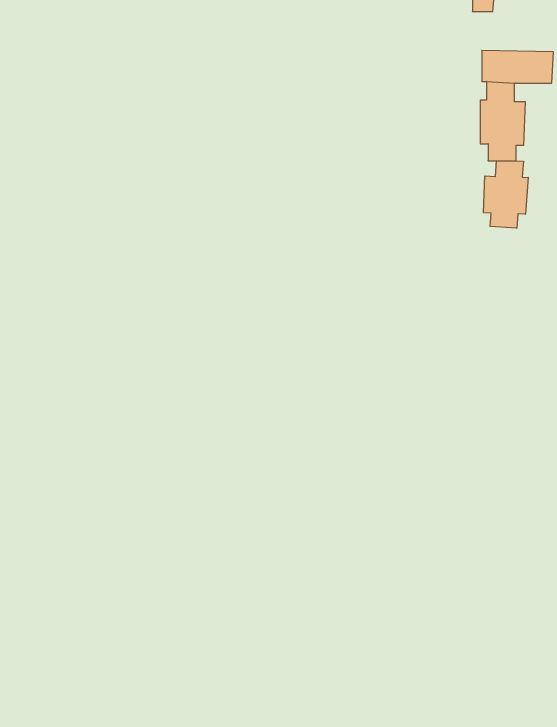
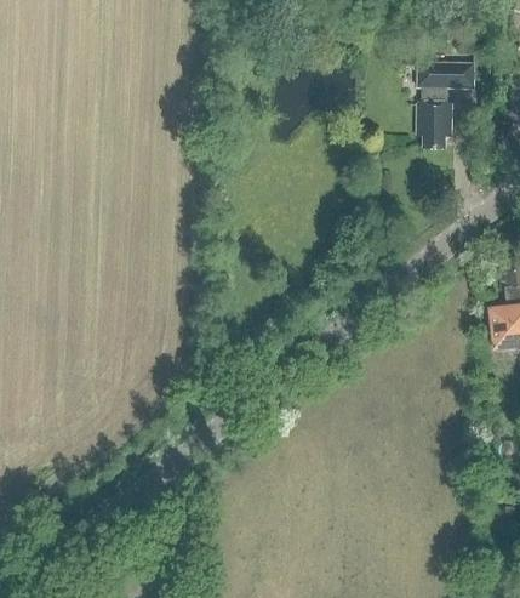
building: [484,161,528,228] -> none

